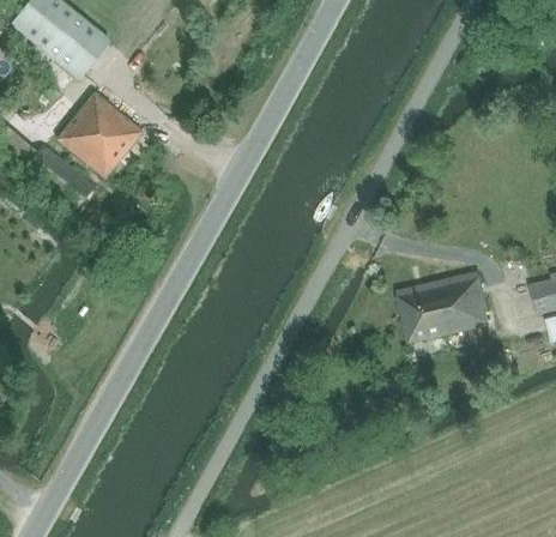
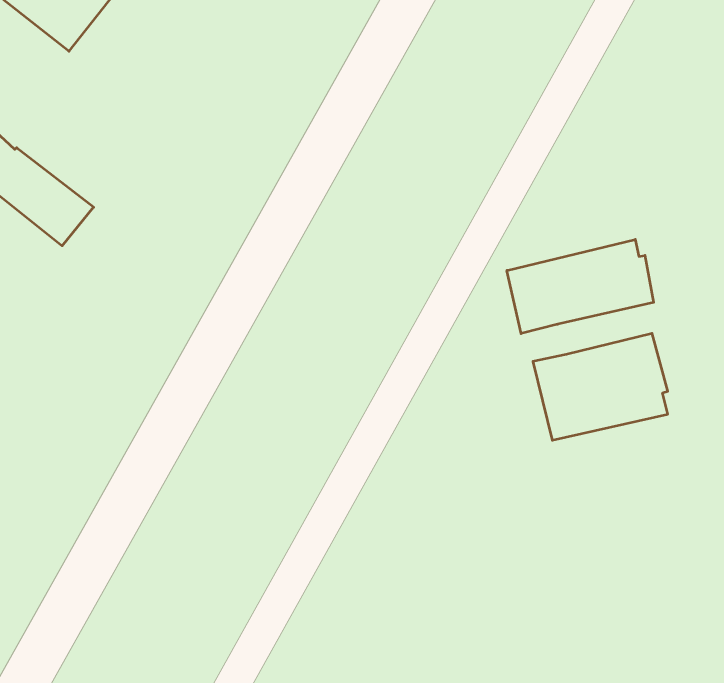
building: [59,95,139,175] -> none
building: none -> [507,239,654,334]

